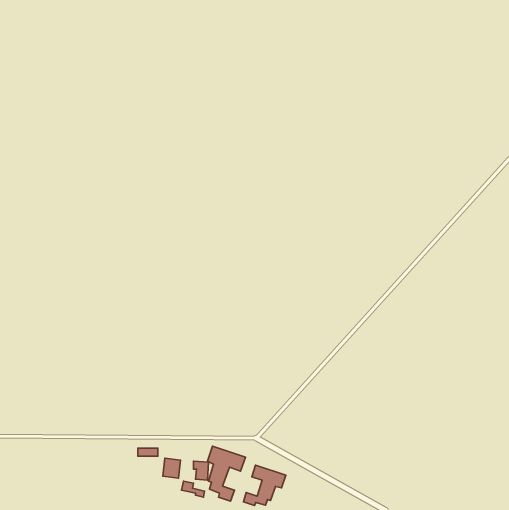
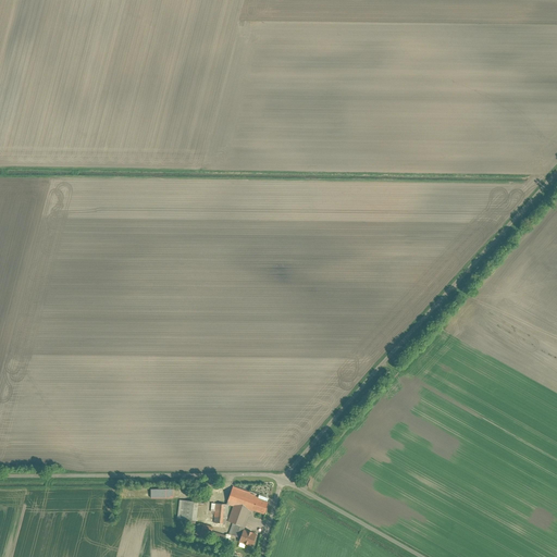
building: [243,465,286,506] -> none

